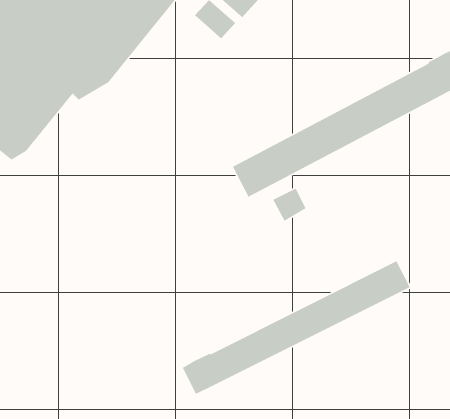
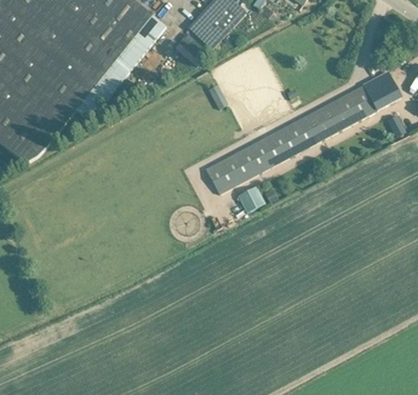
building: [182,260,411,395] -> none

